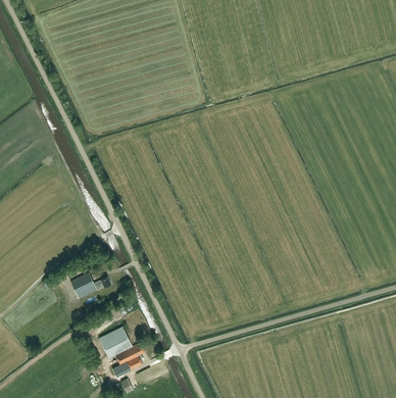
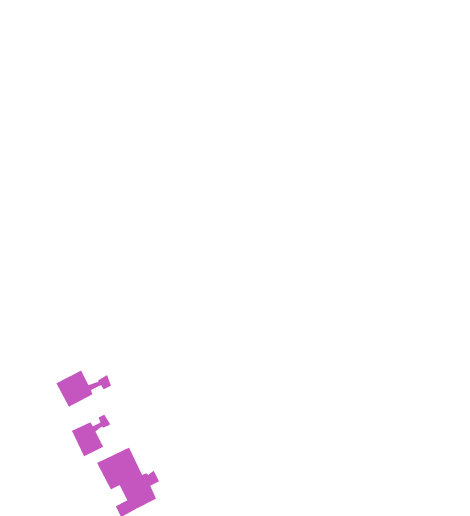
building: none -> [71,414,111,457]

